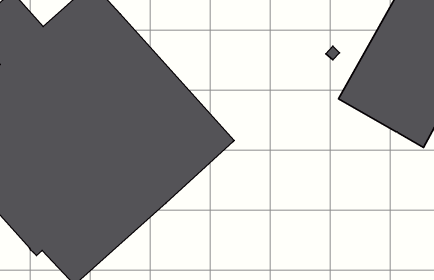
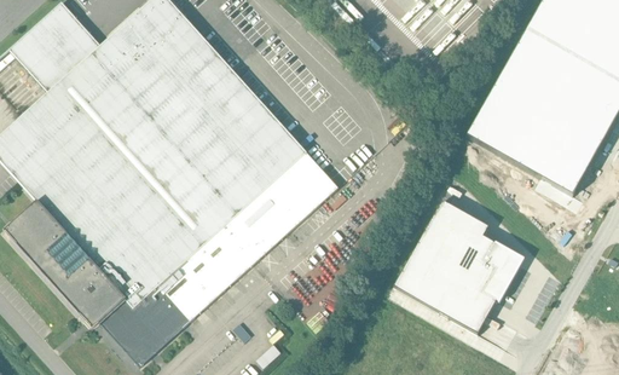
building: none -> [393,200,521,334]

